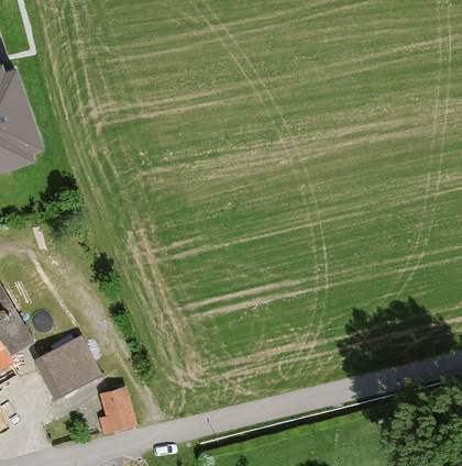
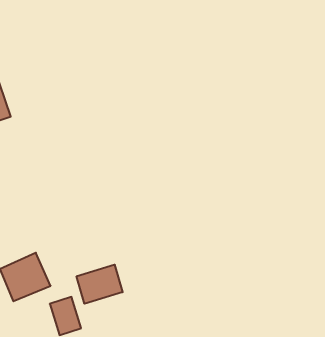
building: none -> [77,265,123,304]

